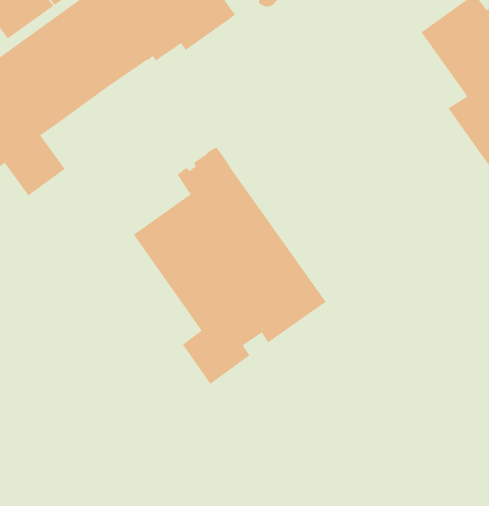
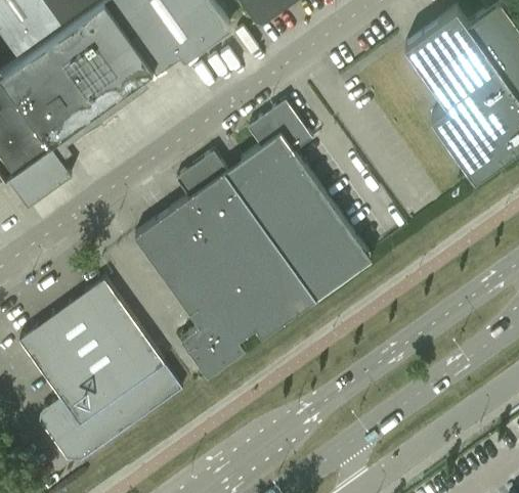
building: none -> [225,102,371,300]
building: none -> [18,280,182,462]

